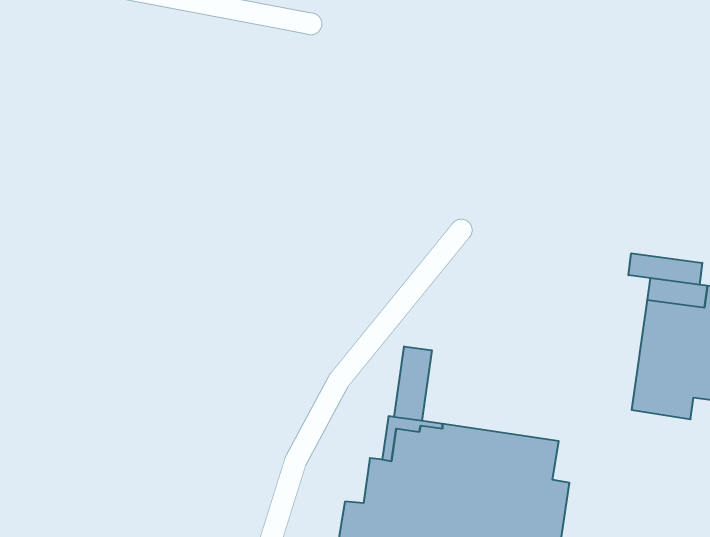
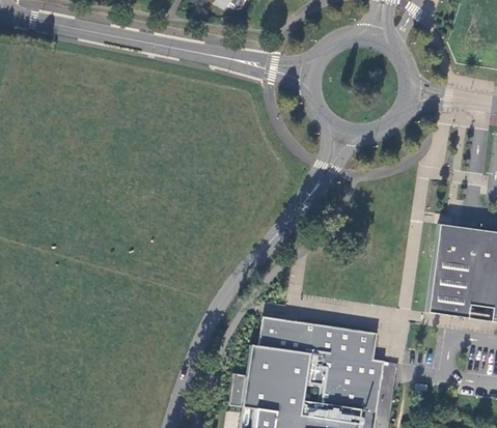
building: [628,253,702,285] -> none
building: [394,346,432,421] -> none

